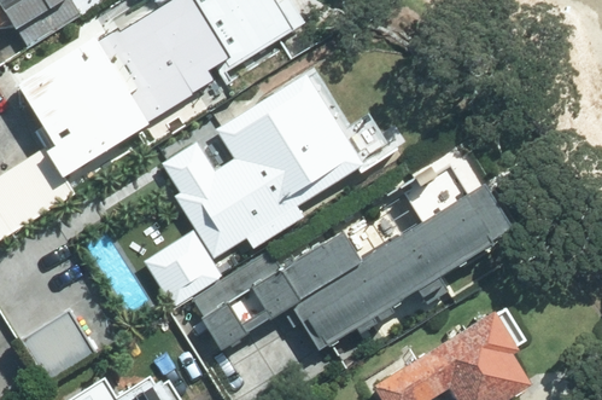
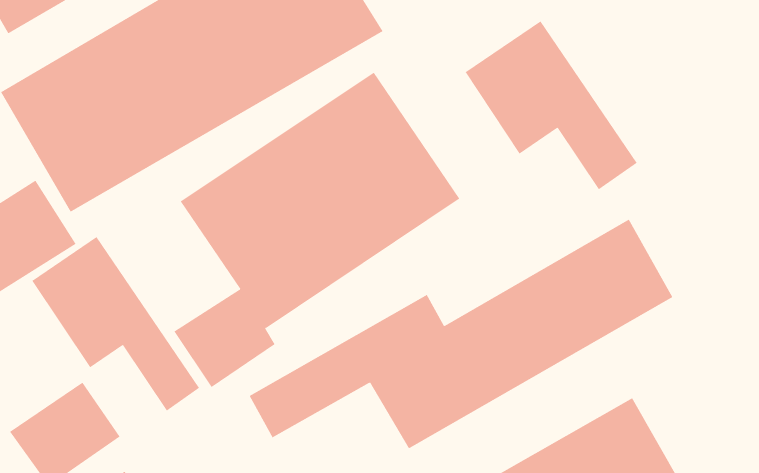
building: none -> [465,20,637,190]
building: none -> [32,236,200,411]

